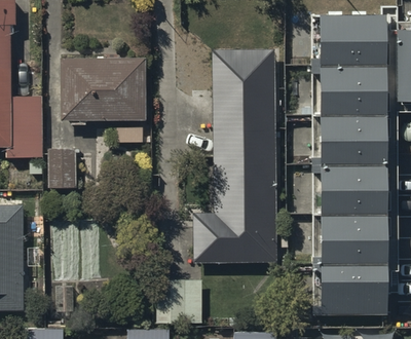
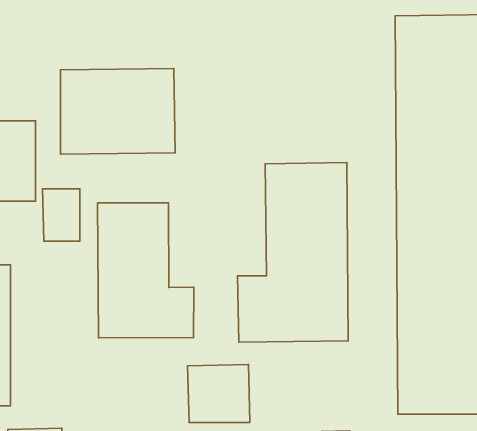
building: [213,53,274,130] -> none
building: none -> [98,203,194,338]

